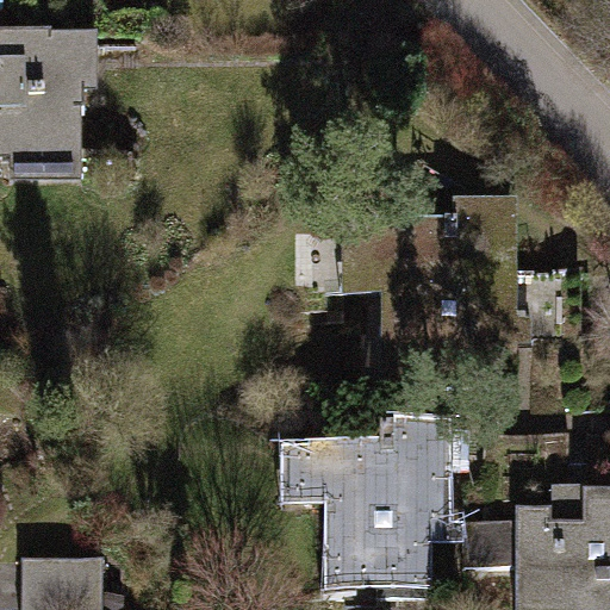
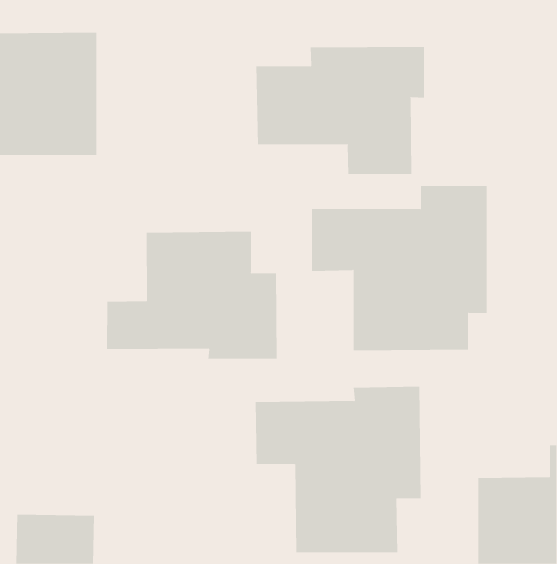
building: none -> [256,46,425,175]
building: none -> [107,231,277,360]

